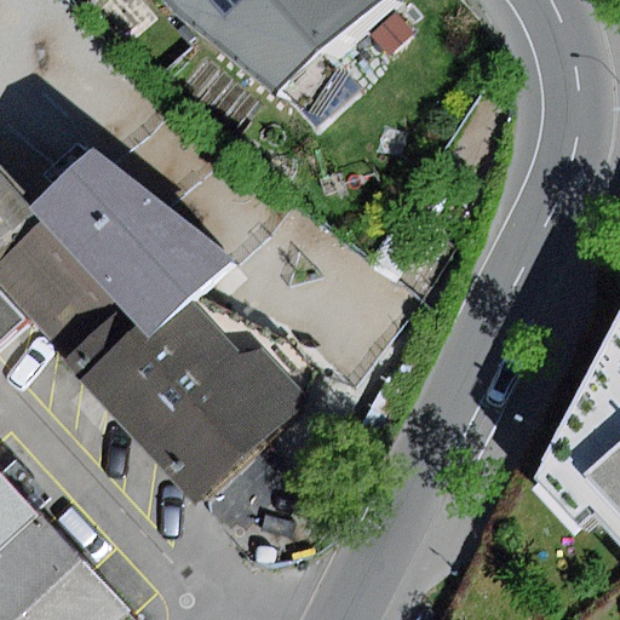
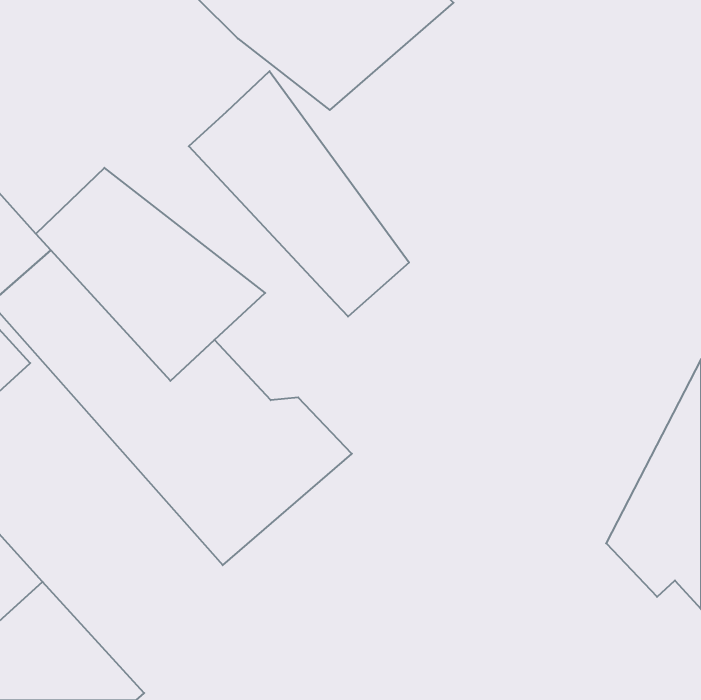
building: none -> [189,71,409,317]

